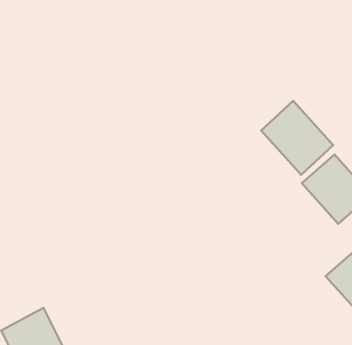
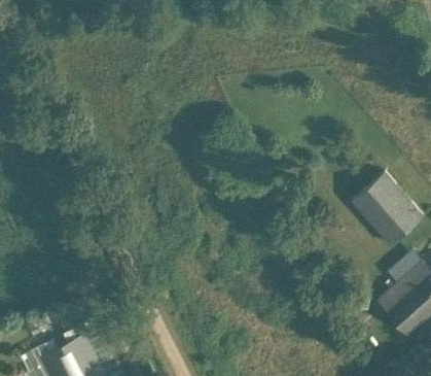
building: [261,101,333,175] -> none

